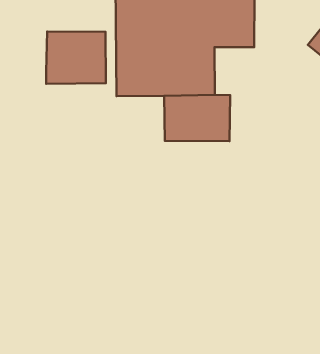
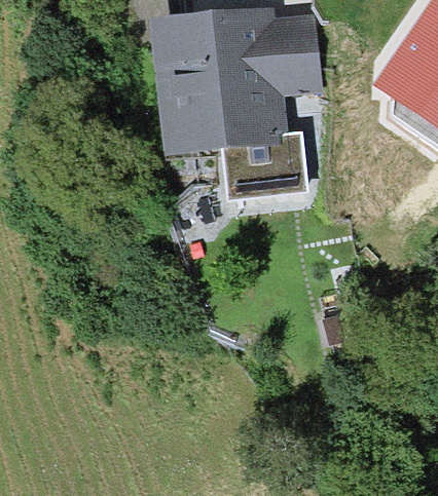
building: [46,32,106,84] -> none

